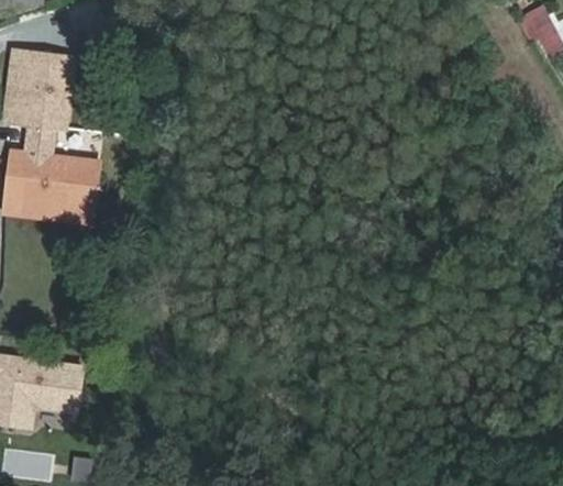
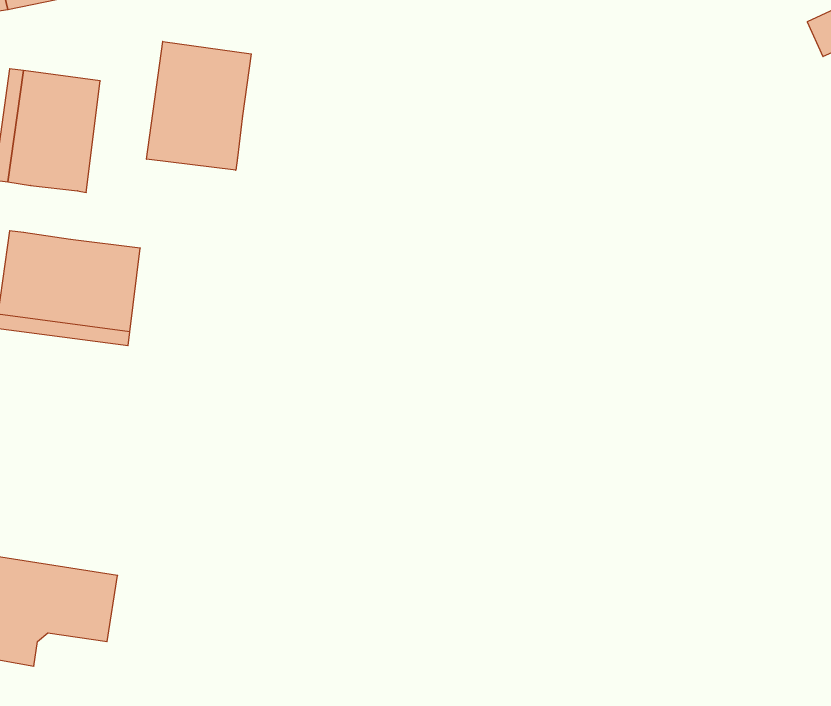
building: none -> [147,41,251,170]
building: [22,121,56,155] -> none

